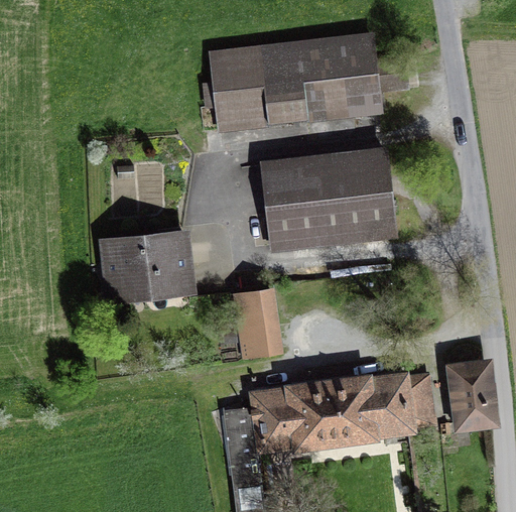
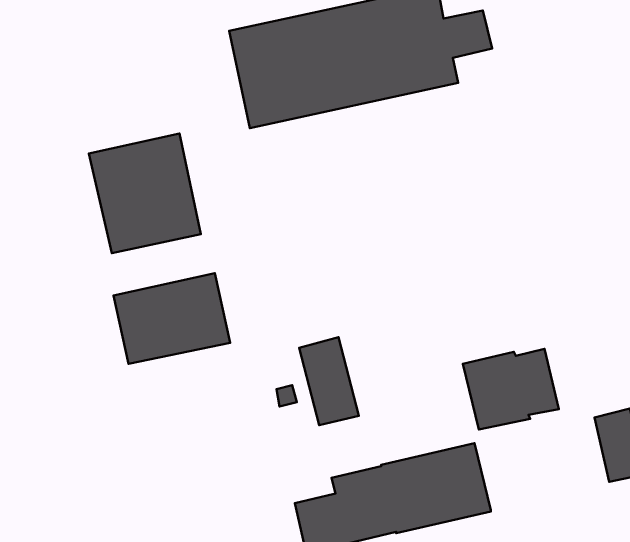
building: none -> [89,134,201,253]
building: [240,150,392,244] -> none
building: [363,377,431,432] -> [463,349,559,429]

